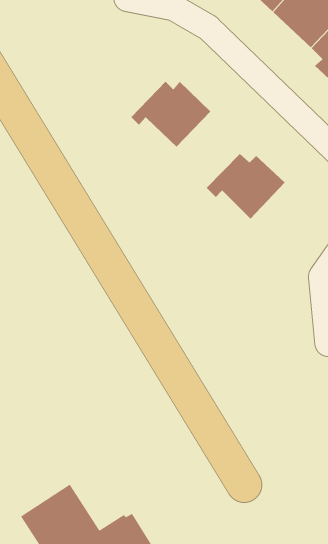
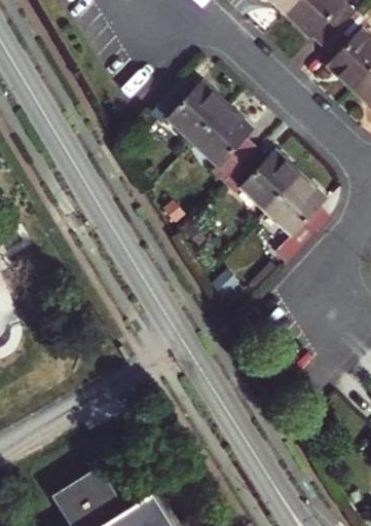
building: none -> [198,111,258,183]
building: none -> [268,178,330,265]

